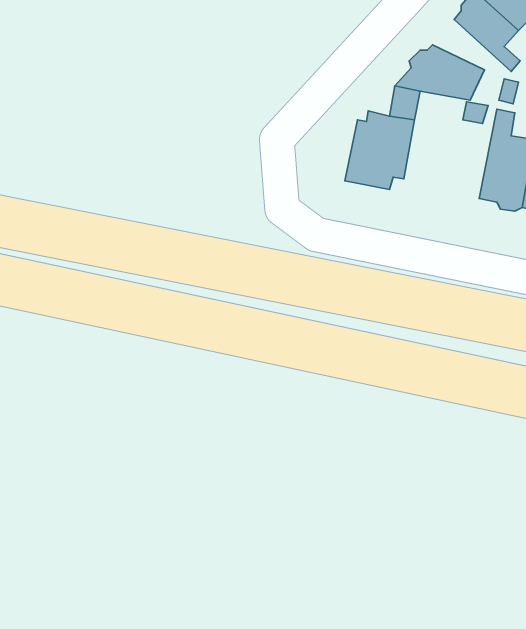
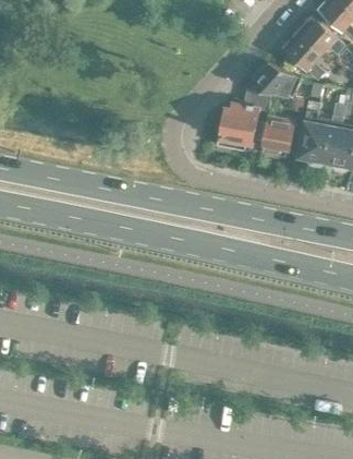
building: none -> [260,118,295,158]

